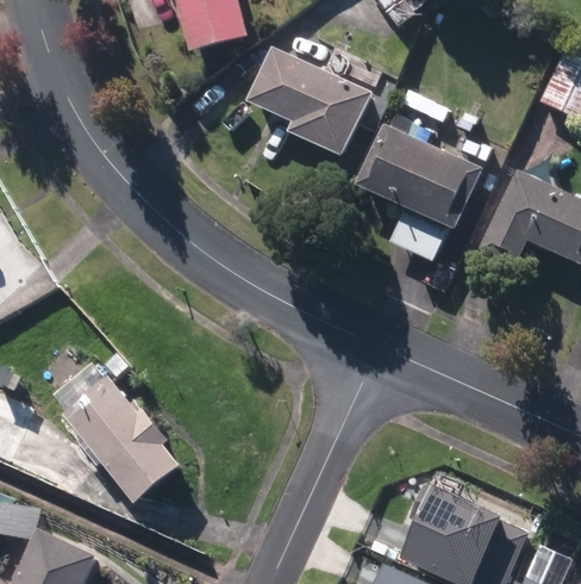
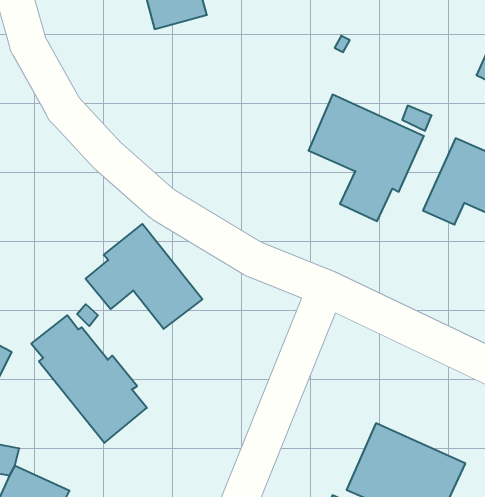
building: [249,48,370,155] -> none
building: none -> [86,224,202,329]

